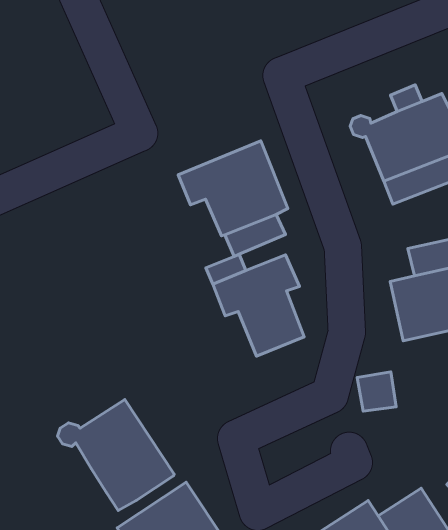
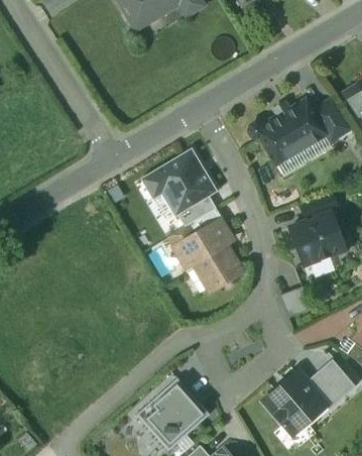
building: [57,400,174,511] -> none

